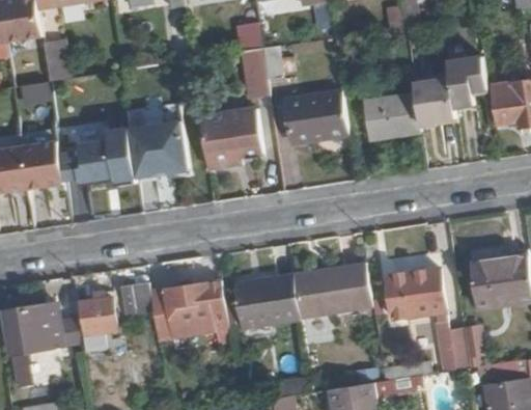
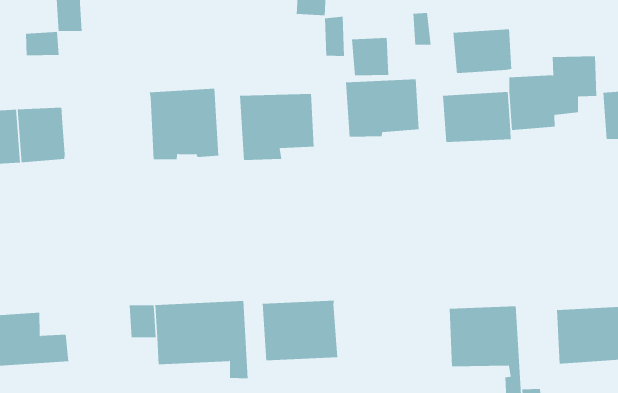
building: none -> [453,29,512,74]
building: [232,49,266,82] -> [351,38,389,76]
building: [60,126,136,184] -> none
building: [291,263,372,320] -> none
building: [79,296,119,335] -> none

